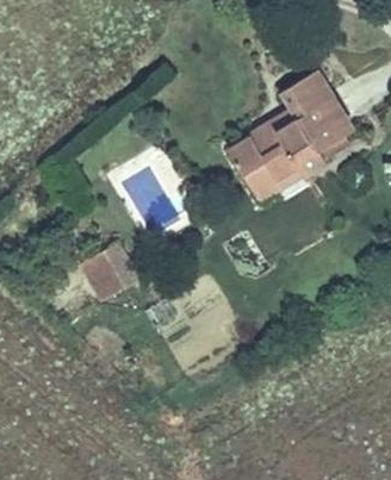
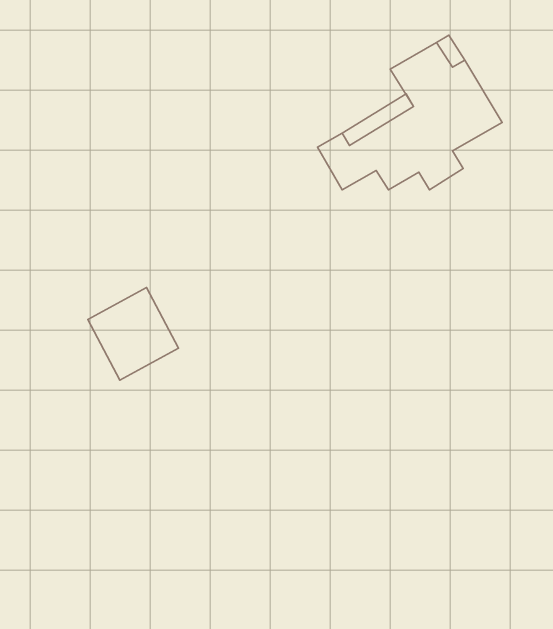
building: [247,162,305,200] -> none

